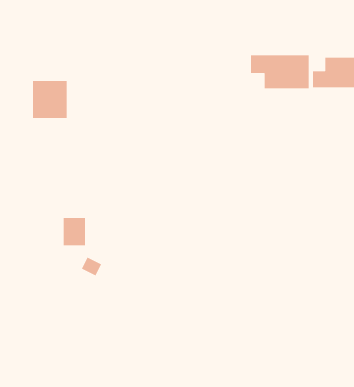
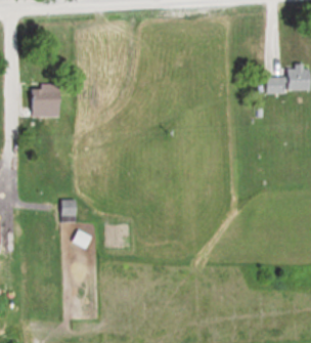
building: [250,54,309,89] -> none

